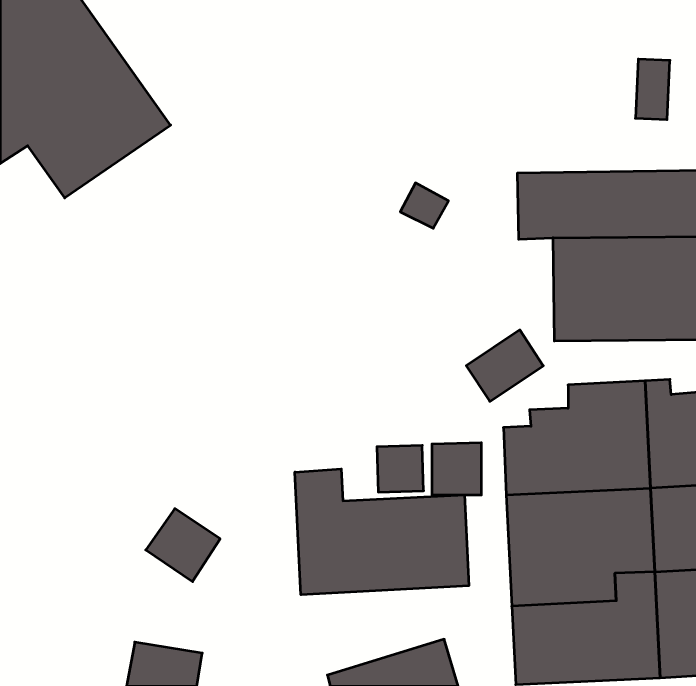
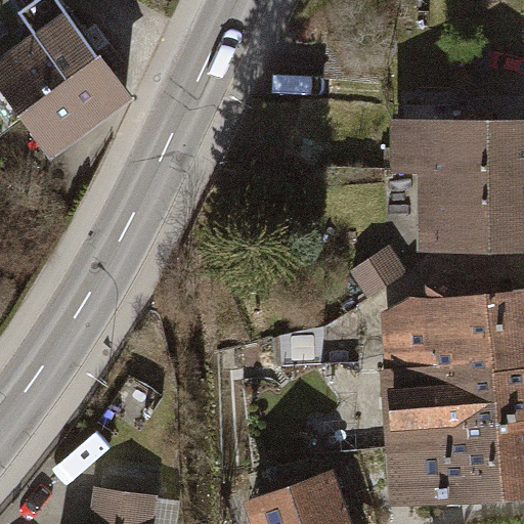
building: [295,469,469,595] -> none

